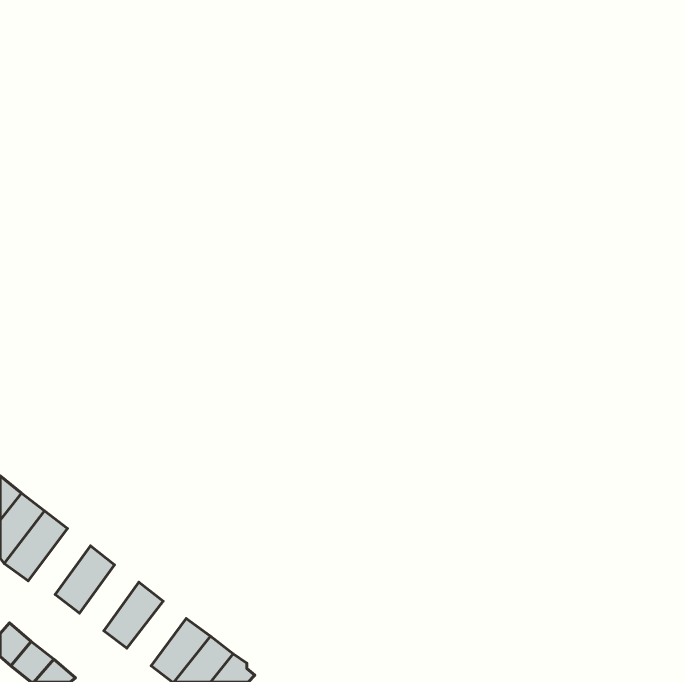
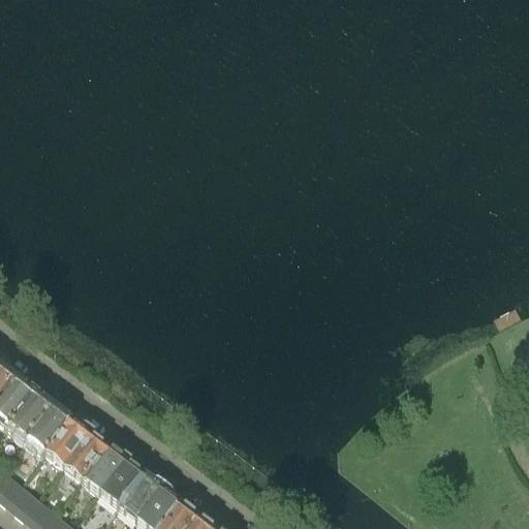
building: none -> [25,405,72,459]
building: none -> [64,433,110,484]
building: none -> [100,461,146,510]

